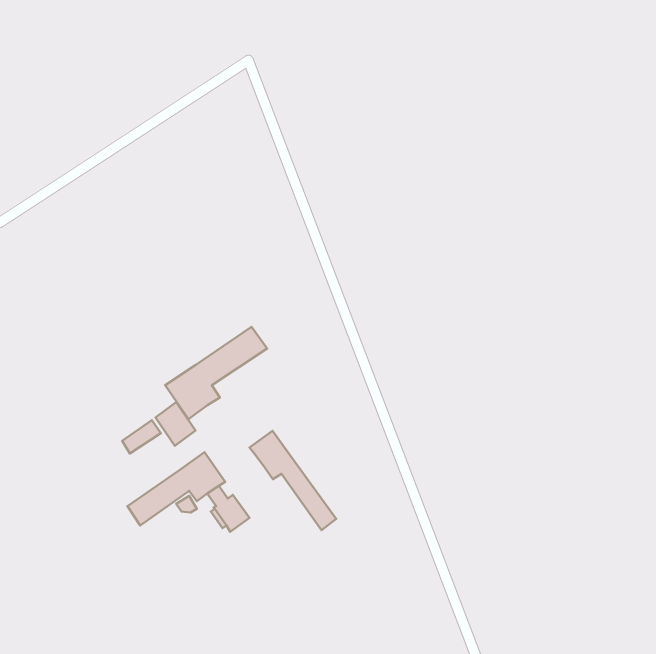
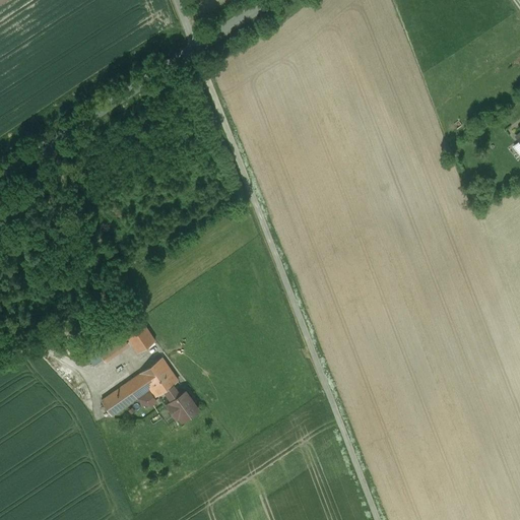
building: [165,327,267,419] -> none
building: [249,431,336,530] -> none

